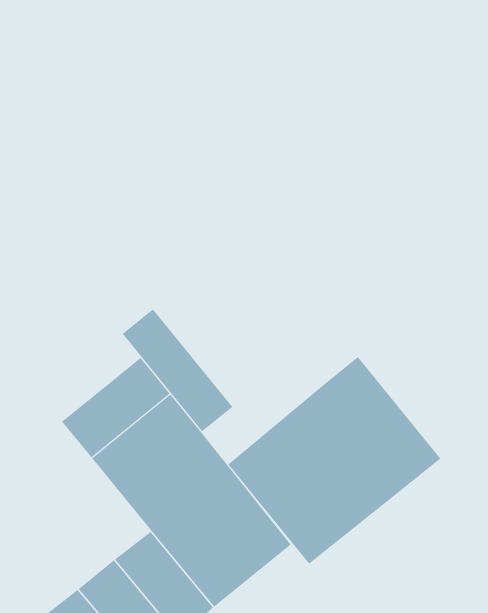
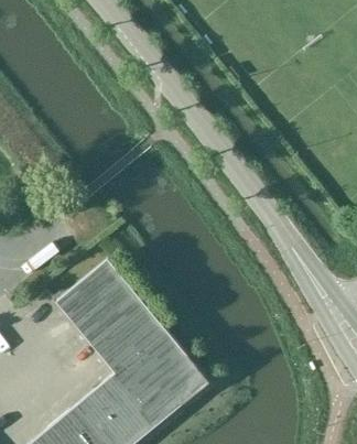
building: [122,308,233,432] -> none
building: [228,356,441,564] -> none

